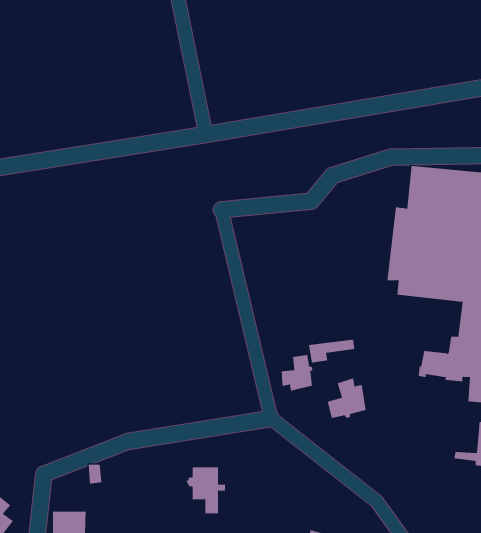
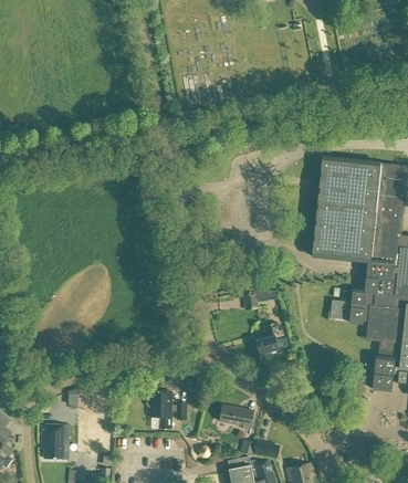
building: [281,354,313,391] -> none
building: none -> [219,406,254,428]

